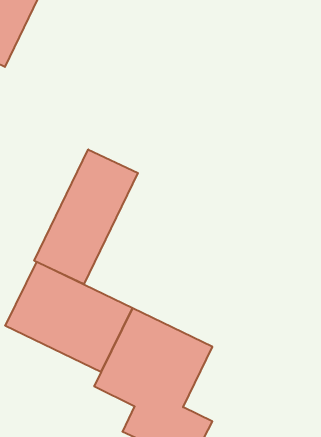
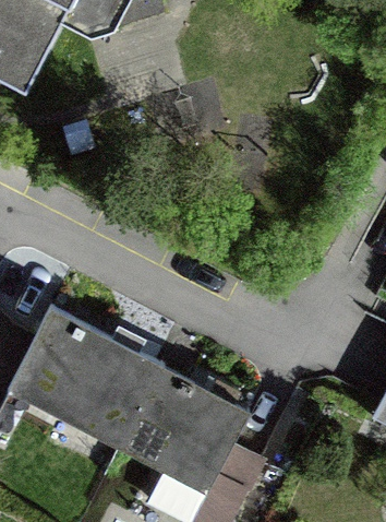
building: [34,149,138,284] -> none

